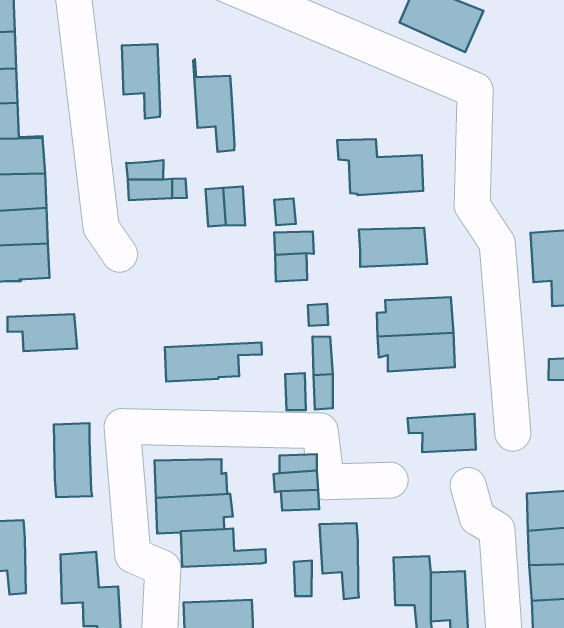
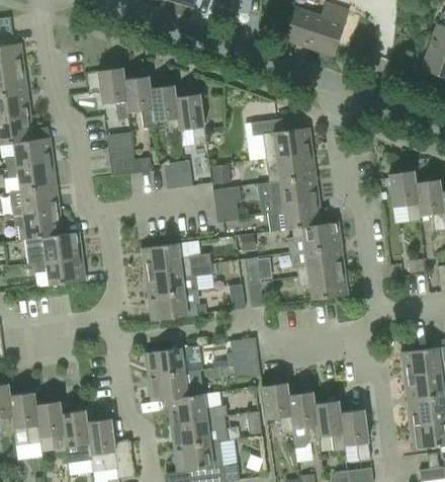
building: none -> [122,67,156,129]
building: none -> [176,93,206,145]
building: none -> [268,151,316,181]
building: none -> [267,200,323,231]
building: none -> [33,231,82,262]
building: none -> [142,242,211,273]
building: none -> [149,292,198,320]
building: [407,414,476,452] -> [299,269,348,299]
building: [54,423,92,497] -> [62,409,92,462]
building: none -> [289,391,320,447]
building: none -> [171,415,229,447]

